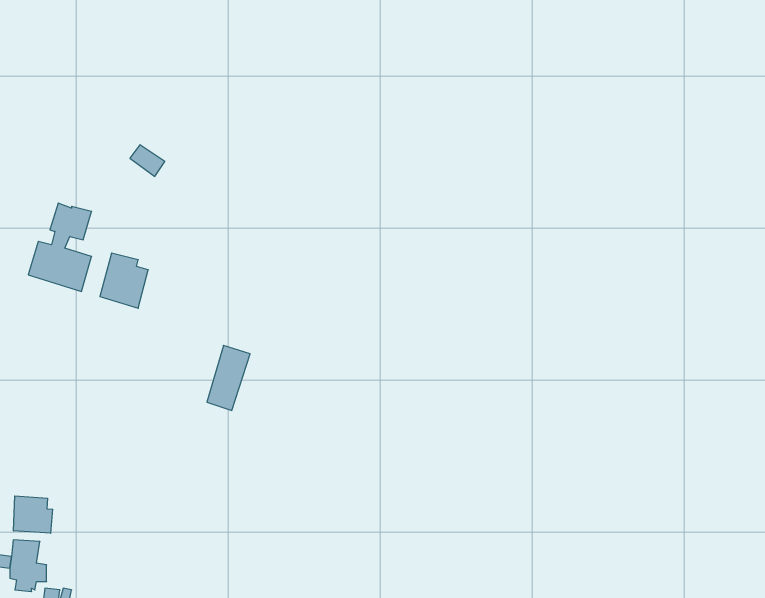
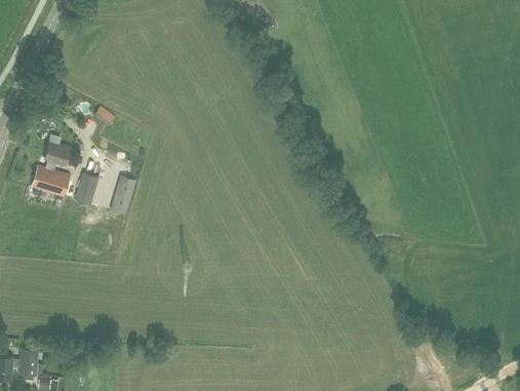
building: [207,345,250,410] -> [110,174,136,214]
building: [14,496,53,533] -> none

